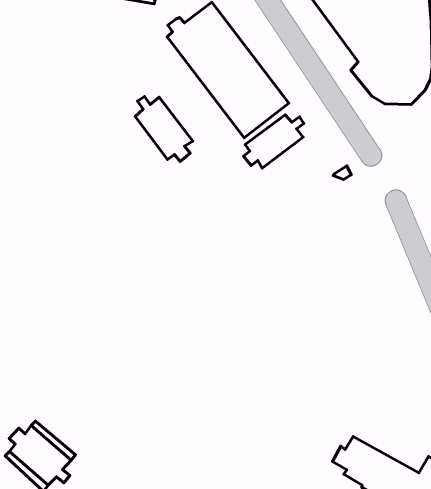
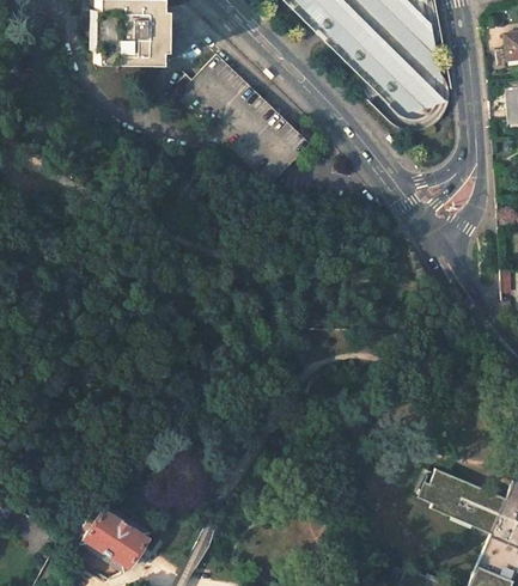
building: [135,96,193,161] -> none
building: [243,115,304,168] -> none

